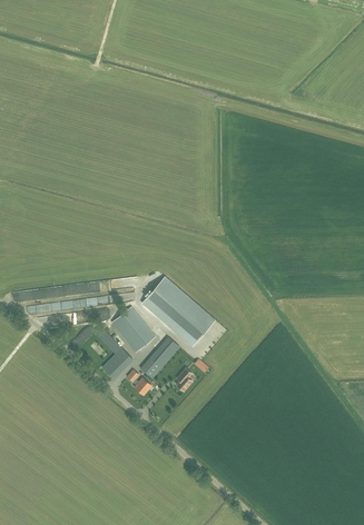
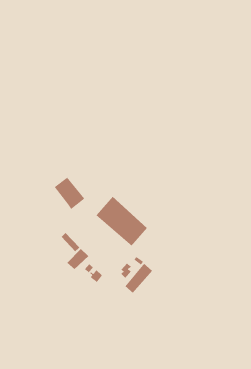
building: [111,307,155,353] -> [54,177,85,210]
building: [140,336,179,378] -> [125,263,153,293]

